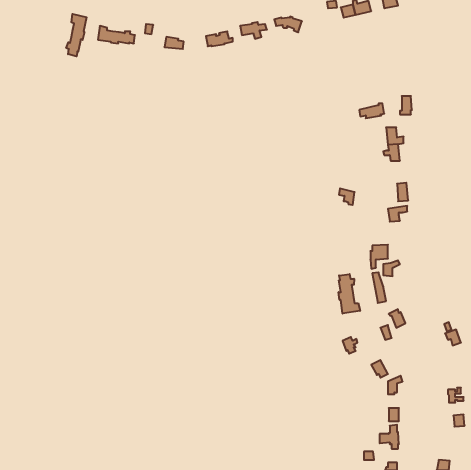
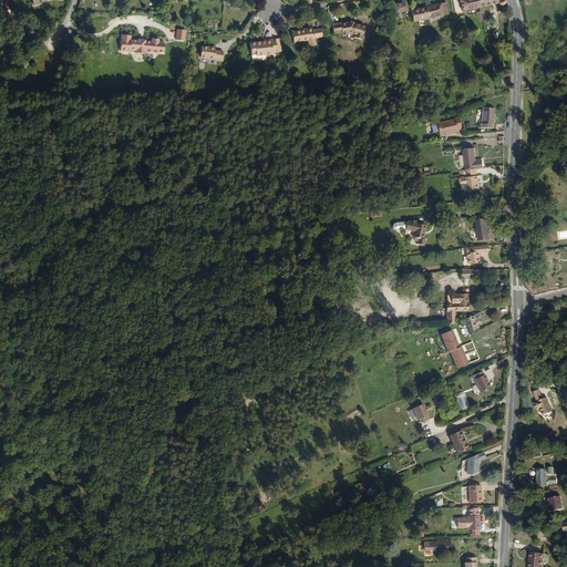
building: [66,14,87,56] -> none
building: [339,274,360,314] -> none

